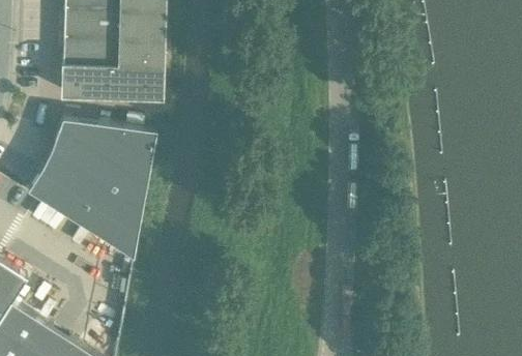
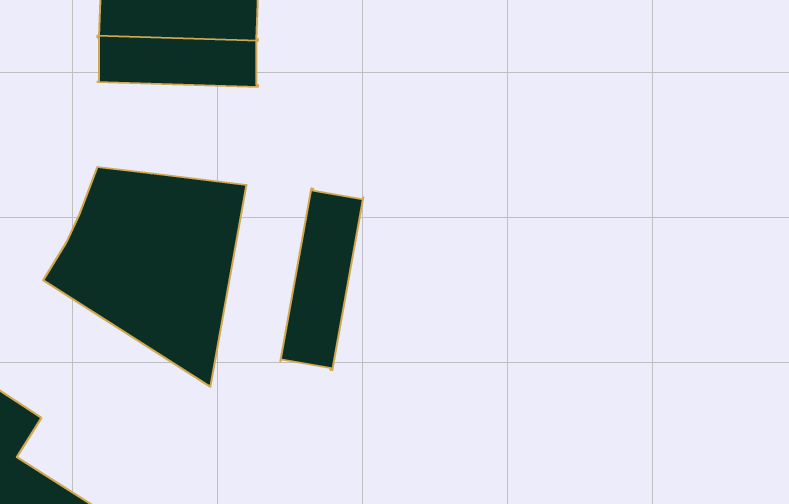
building: [61,67,164,99] -> none
building: none -> [280,188,363,370]

